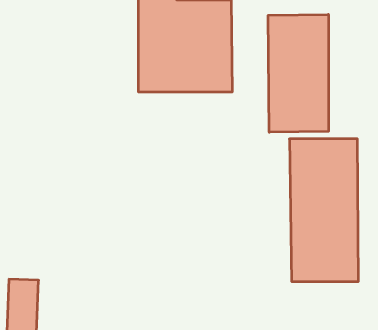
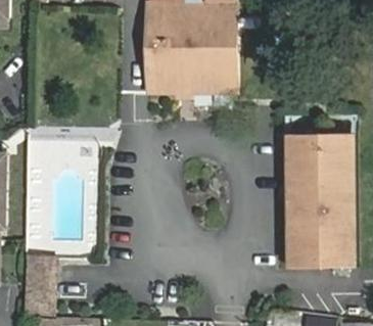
building: [268,14,328,132] -> none

